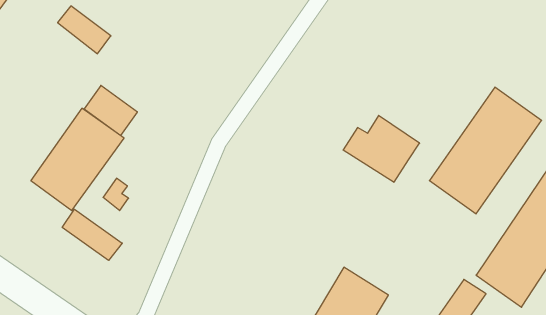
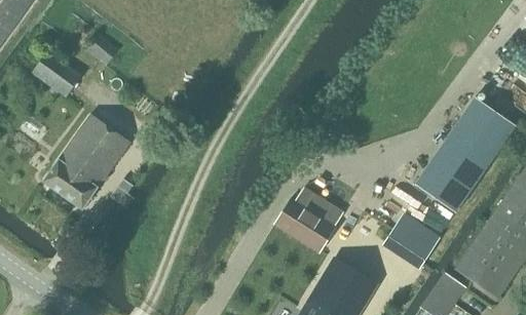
building: [84,85,137,136] -> [33,50,82,96]
building: [343,115,420,182] -> [272,187,343,248]
building: [62,209,122,260] -> none
building: none -> [382,212,441,269]

